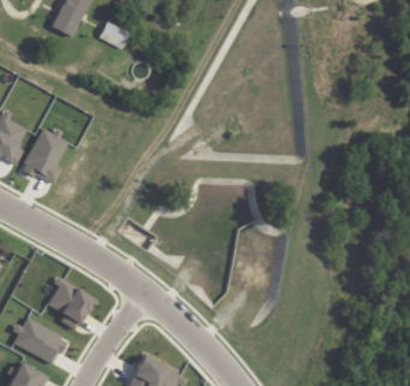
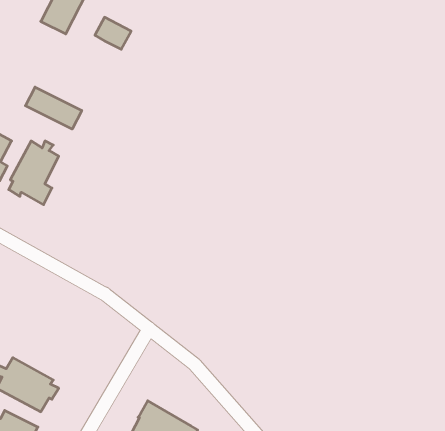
building: none -> [25,87,82,129]
building: [46,275,96,329] -> none

